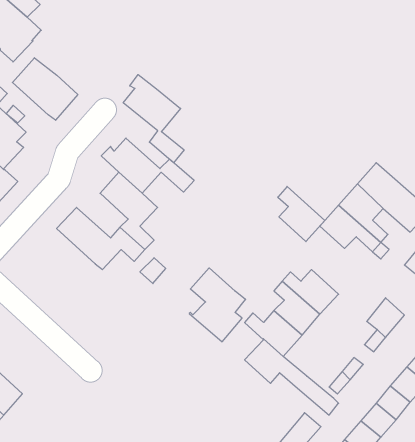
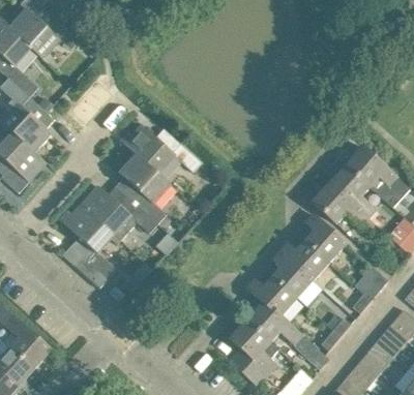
building: [12,58,78,120] -> none
building: [123,75,184,163] -> none
building: [278,186,325,242] -> [304,213,346,262]
building: none -> [60,204,121,287]
building: [189,268,246,342] -> [229,320,278,385]

